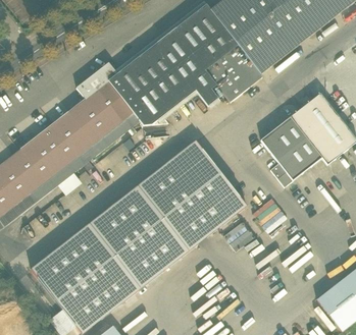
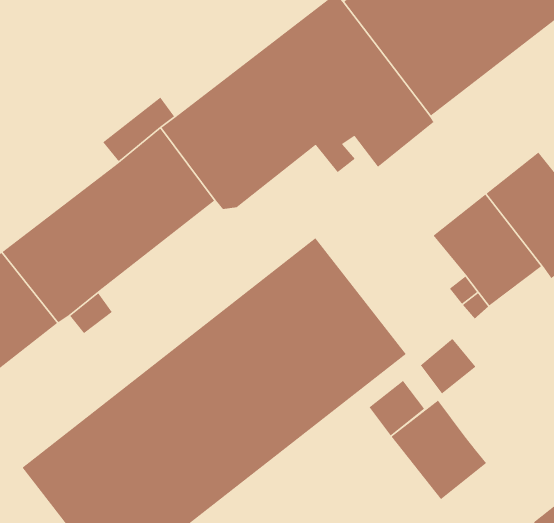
building: none -> [391,400,487,500]

